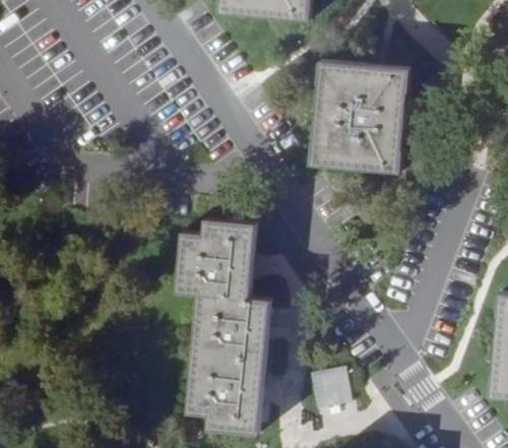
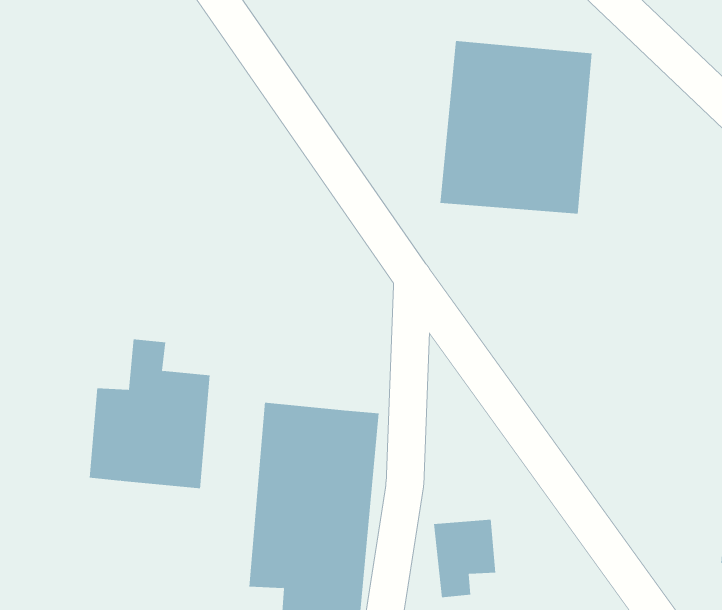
building: [176,201,254,298] -> [89,339,210,489]

